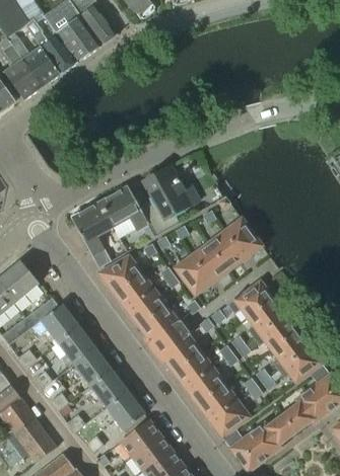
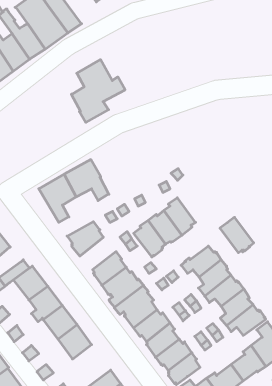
building: [137,167,197,237] -> [71,60,125,122]
building: [223,217,261,256] -> [220,217,254,253]
building: [115,272,155,309] -> none
building: [107,392,144,429] -> none

